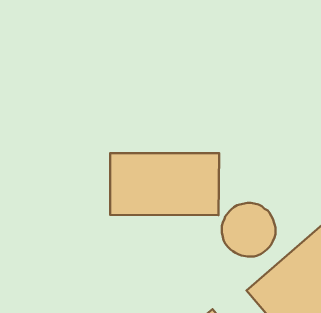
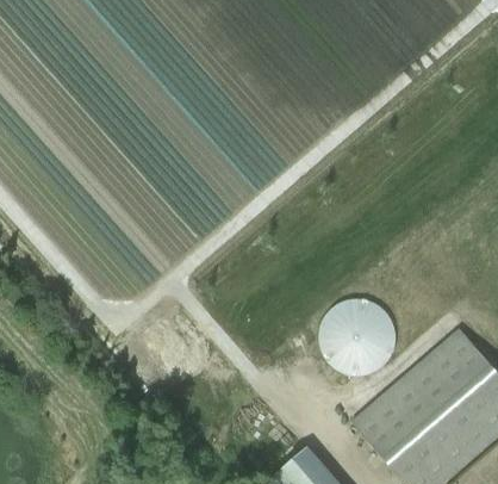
building: [110,153,219,215] -> none

